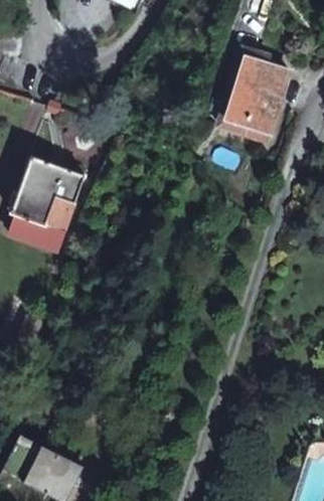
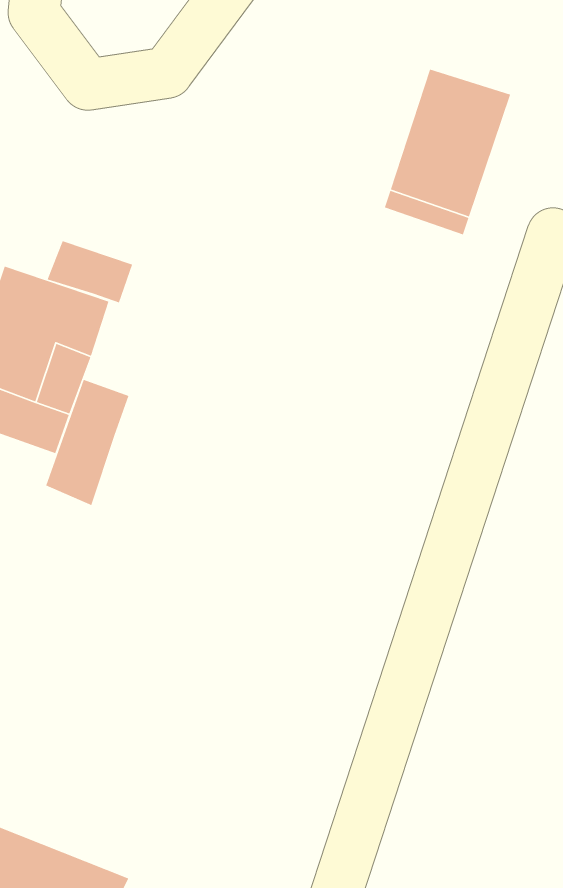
building: none -> [46,240,133,303]
building: none -> [45,379,130,506]

